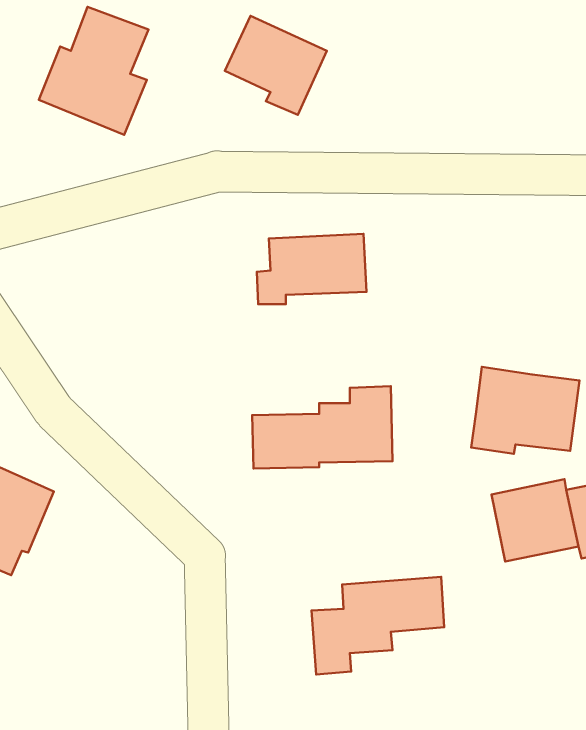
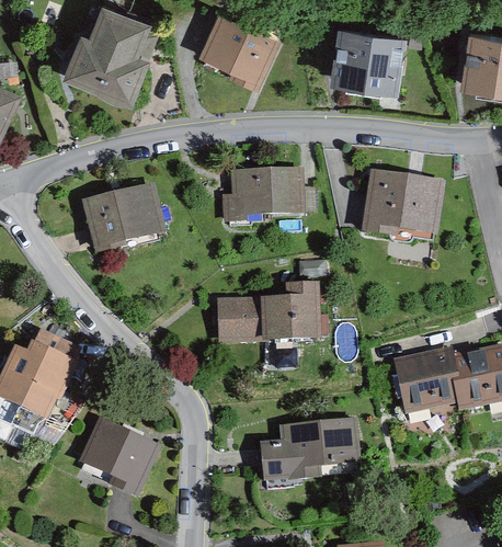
building: none -> [335,30,400,91]
building: none -> [83,189,162,250]
building: [471,367,579,454] -> [364,175,442,238]
building: none -> [83,425,156,494]

